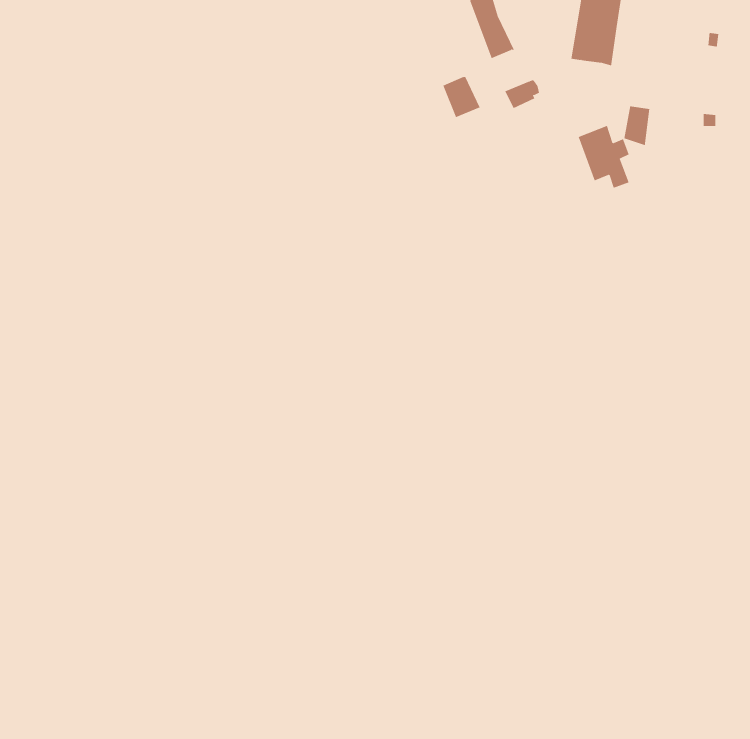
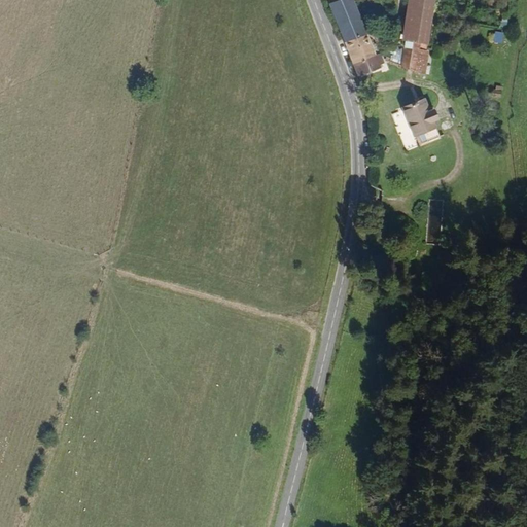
building: [442,77,481,118] -> [345,35,372,64]
building: [624,106,650,146] -> [402,46,421,74]

